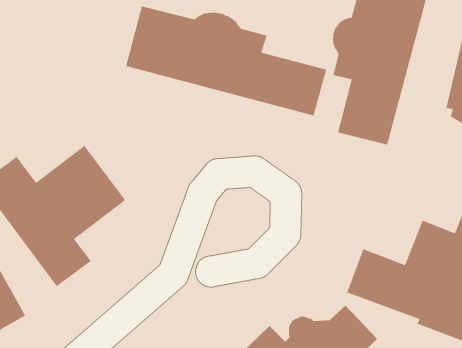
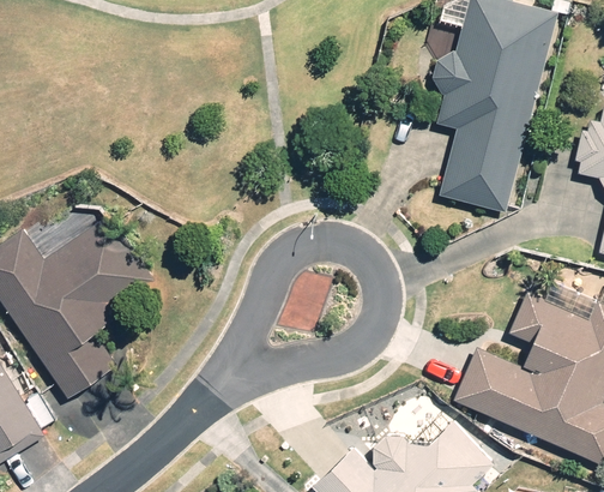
building: [125,5,327,116] -> none

